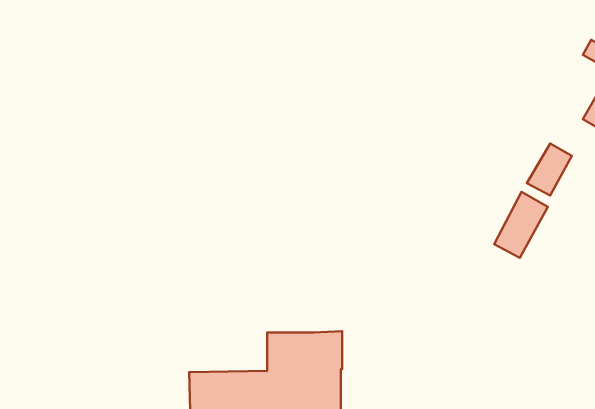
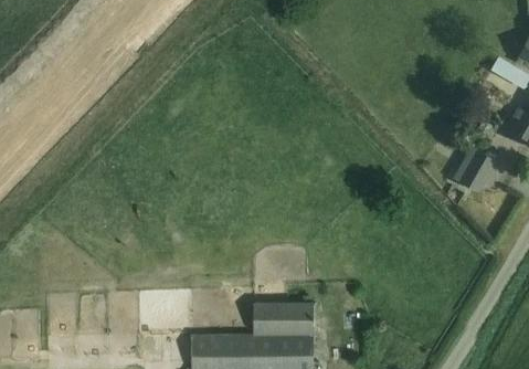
building: [494,192,548,258] -> none

